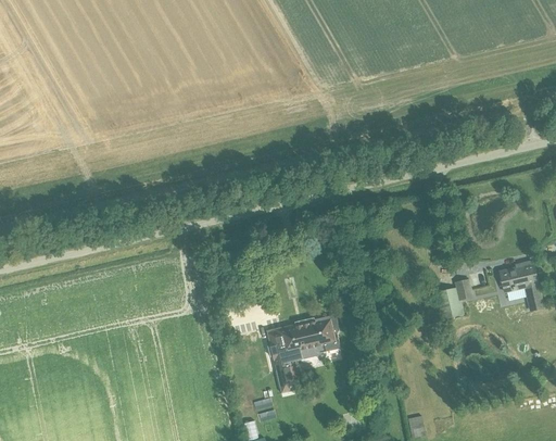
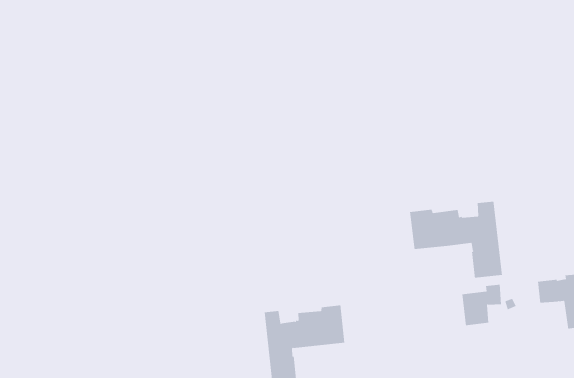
building: none -> [409,201,502,279]

